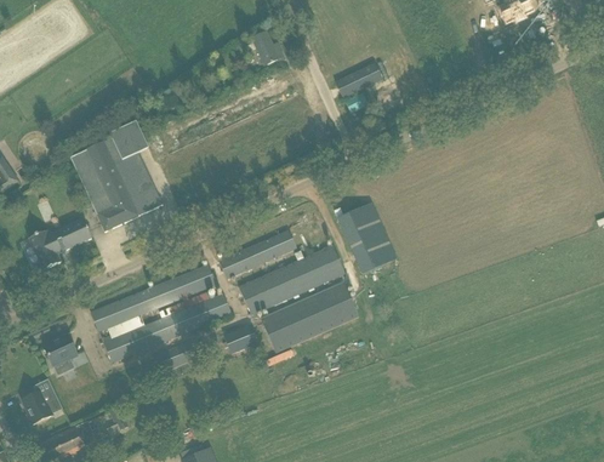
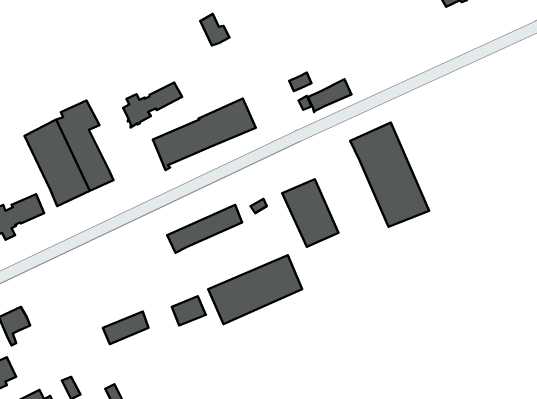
building: [336,63,381,97] -> [308,79,352,112]
building: none -> [123,82,182,127]
building: none -> [350,123,429,227]
building: [239,244,346,318] -> [153,99,256,170]
building: [95,264,230,363] -> none

